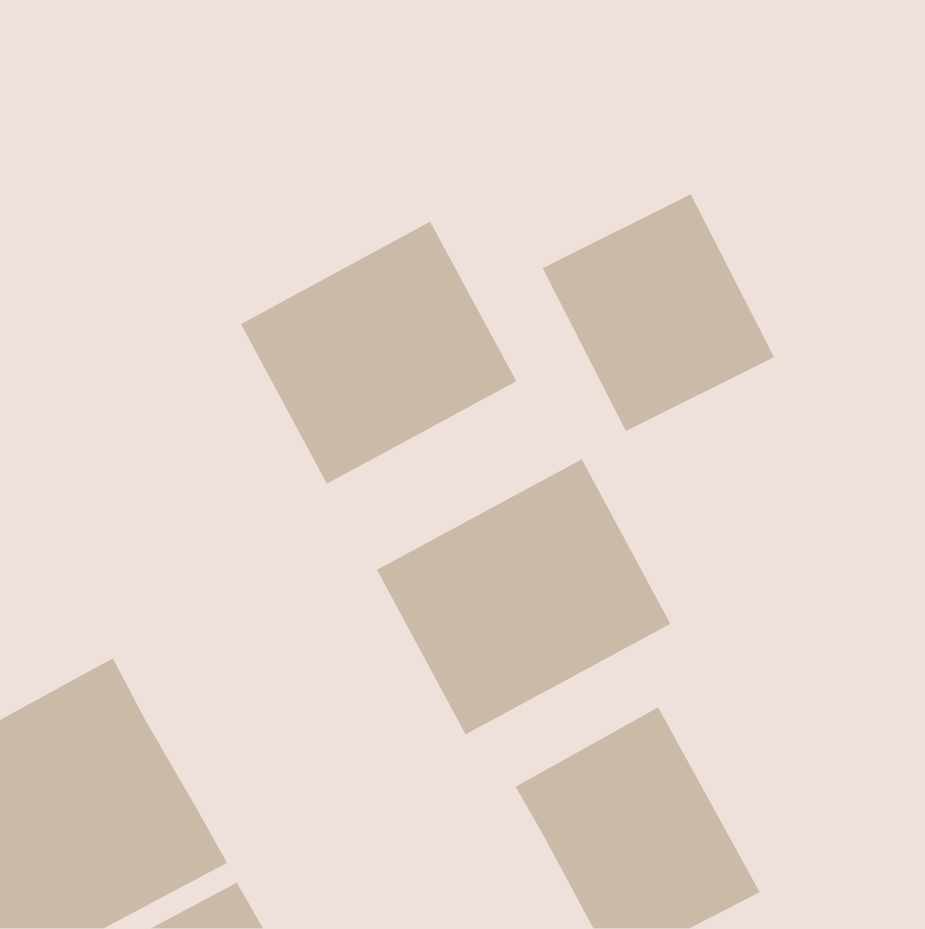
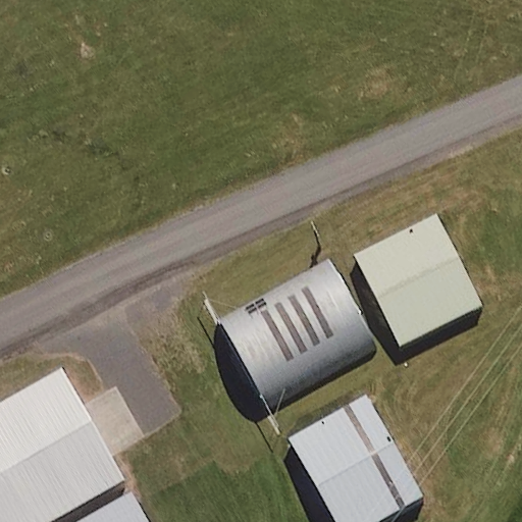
building: [542,193,775,432] -> [353,214,483,348]
building: [240,221,518,485] -> none

